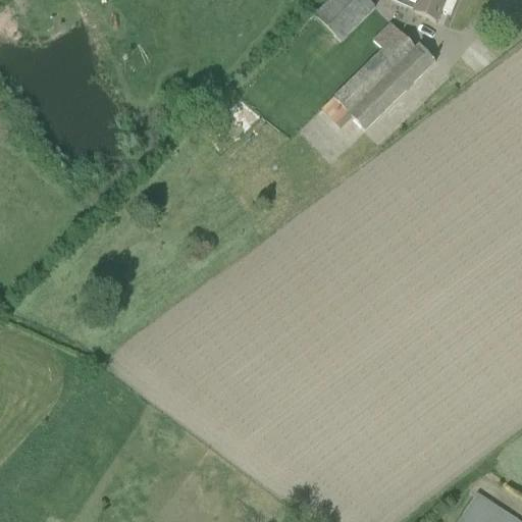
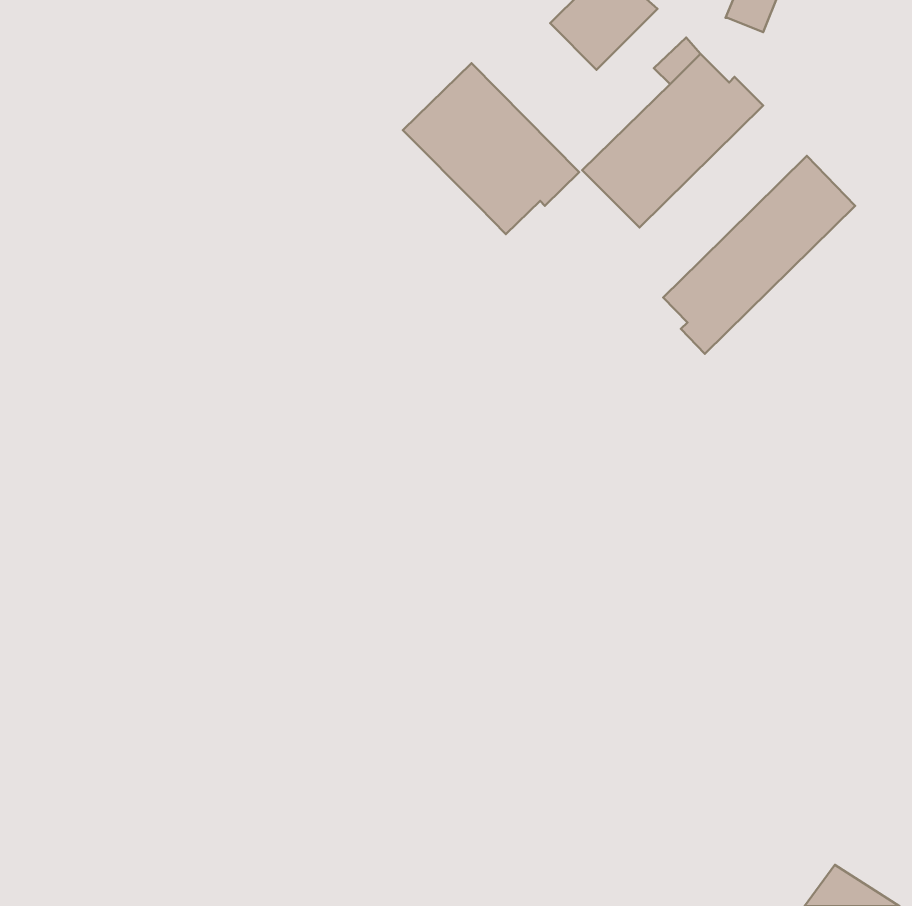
building: none -> [403,63,579,234]
building: none -> [663,156,855,354]

